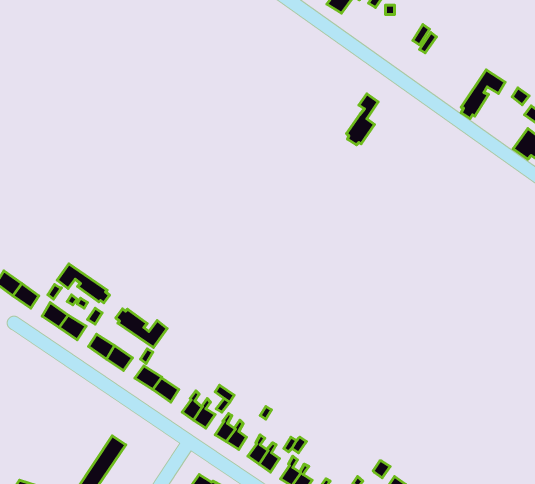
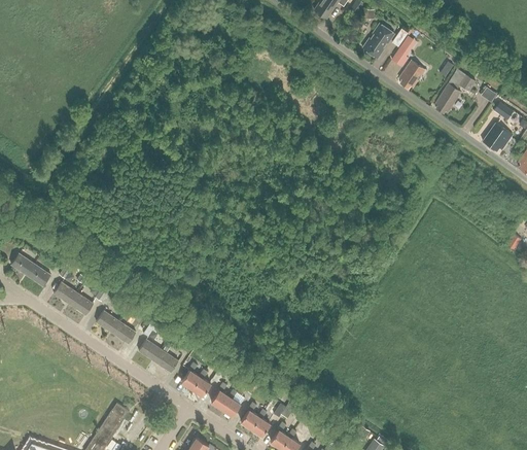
building: none -> [361,23,393,58]
building: [346,94,378,145] -> [398,41,427,88]
building: [57,264,110,303] -> none
building: [116,309,167,348] -> none

